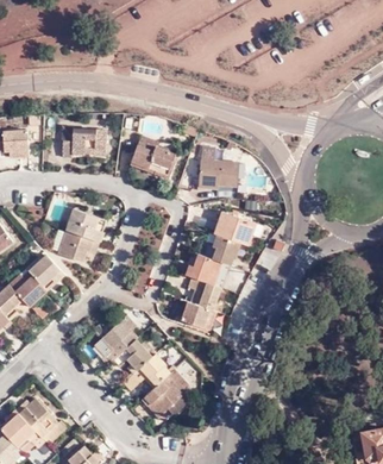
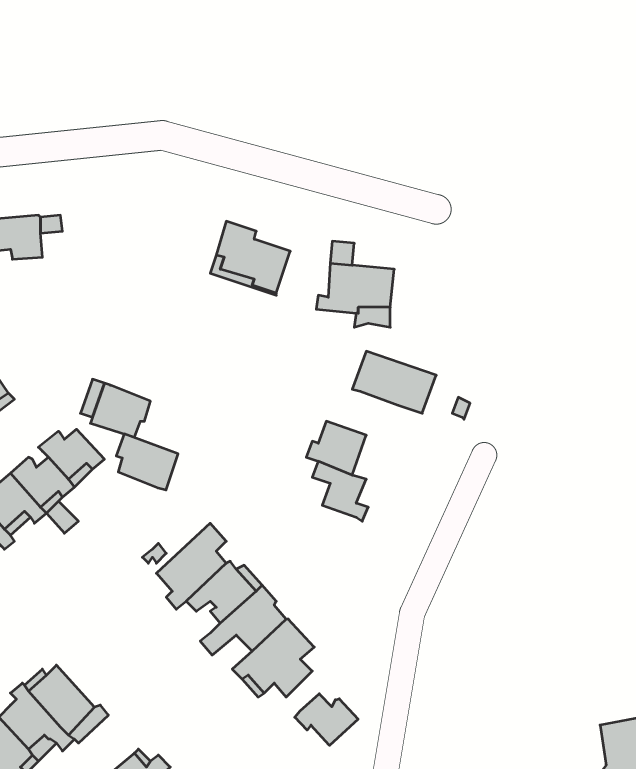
building: [61,126,105,156] -> none
building: [68,208,105,242] -> [116,434,178,490]
building: [197,234,240,264] -> none
building: [181,300,215,328] -> none
building: none -> [295,694,358,745]

